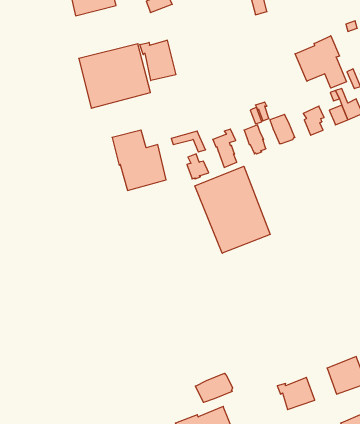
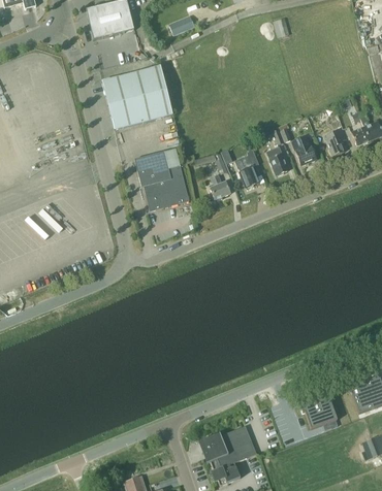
building: [295,36,346,88] -> none
building: [140,40,176,81] -> none
building: [195,166,270,253] -> none
building: [195,373,232,402] -> none

